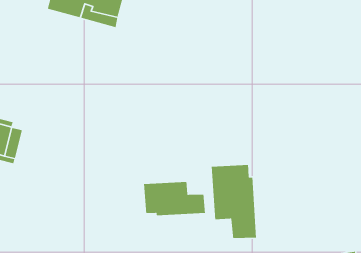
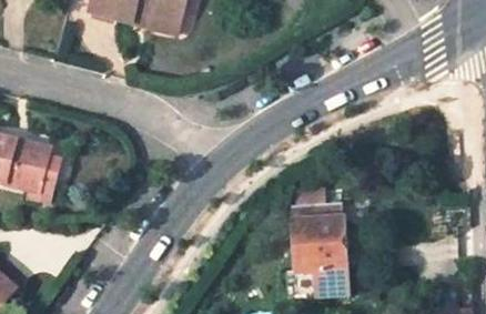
building: [143,181,206,216] -> none

